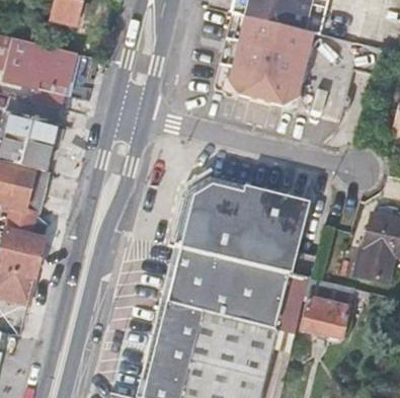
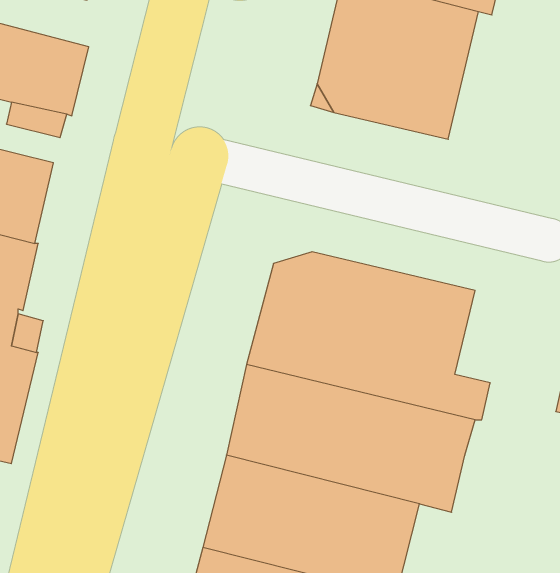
building: [303,278,354,339] -> none

